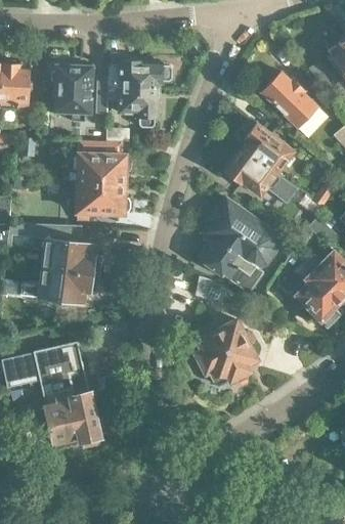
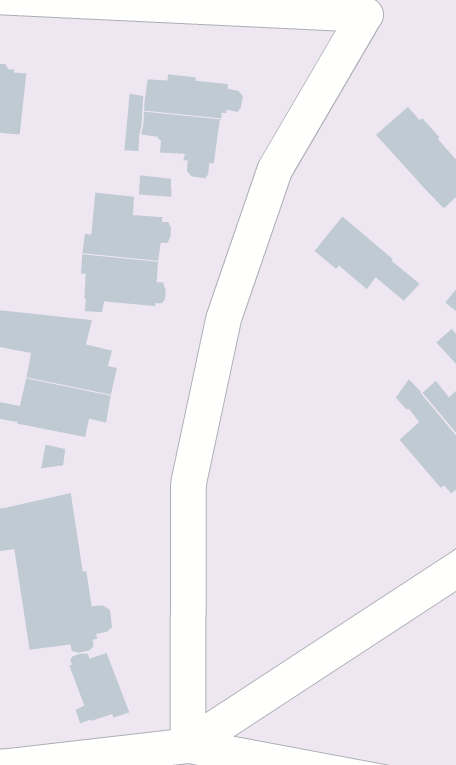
building: [50,67,92,123] -> none
building: [243,123,295,174] -> none
building: [198,200,276,294] -> none
building: [196,276,244,311] -> none
building: [193,320,257,385] -> none
building: none -> [69,652,130,724]

